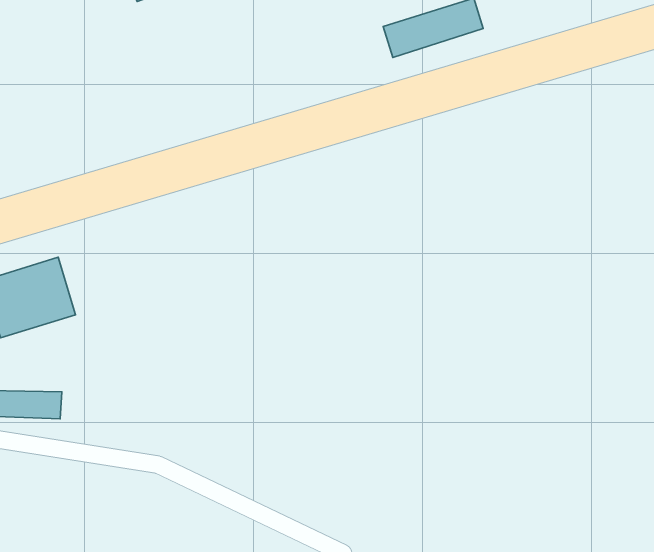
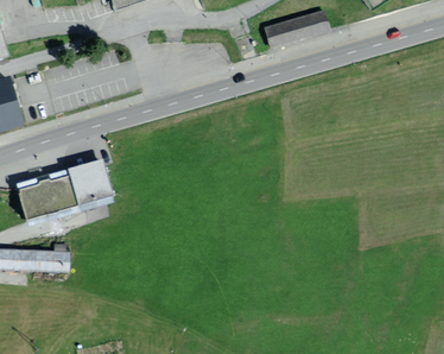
building: none -> [64,160,110,206]

